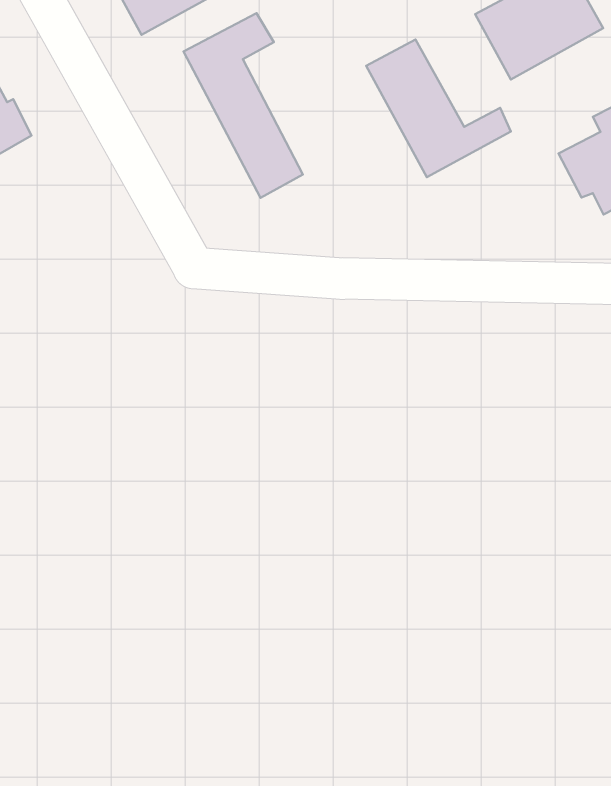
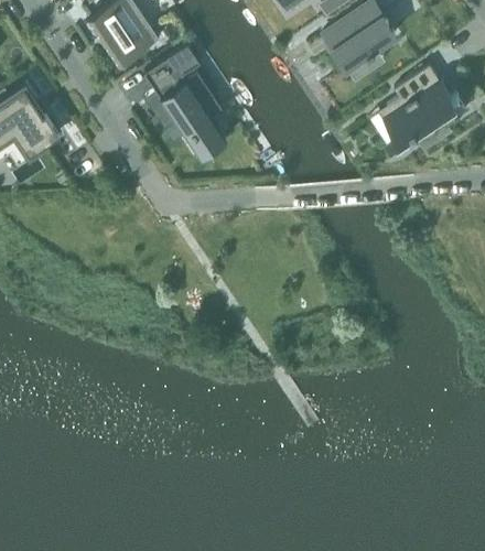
building: [366,40,511,177] -> none

